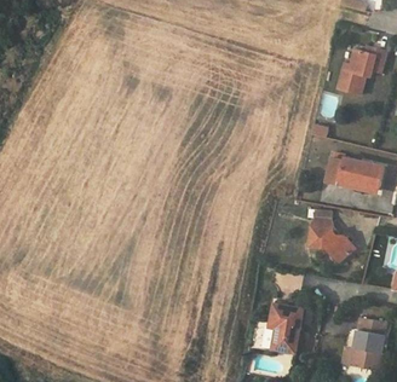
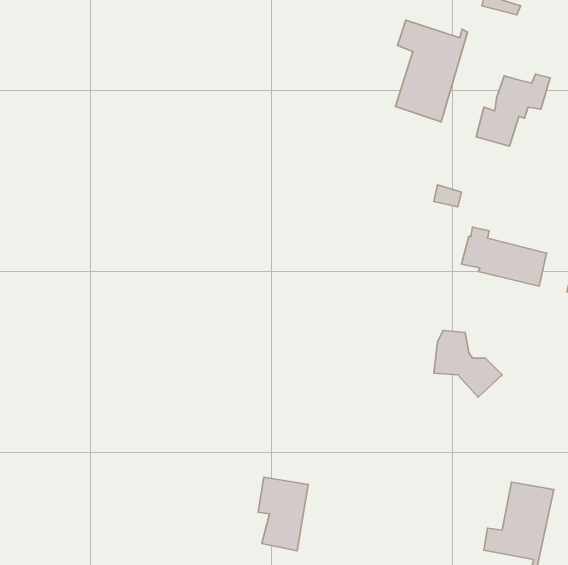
building: none -> [396,20,468,122]
building: [267,303,300,352] -> [258,477,308,551]

